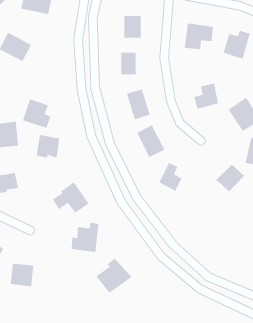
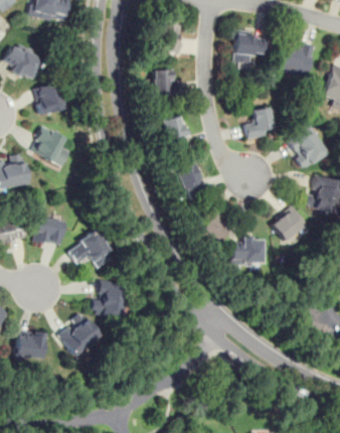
building: none -> [32,83,64,115]
building: [36,134,60,158] -> [34,216,64,246]
building: none -> [231,238,264,265]
building: [95,258,132,294] -> [57,311,103,355]

